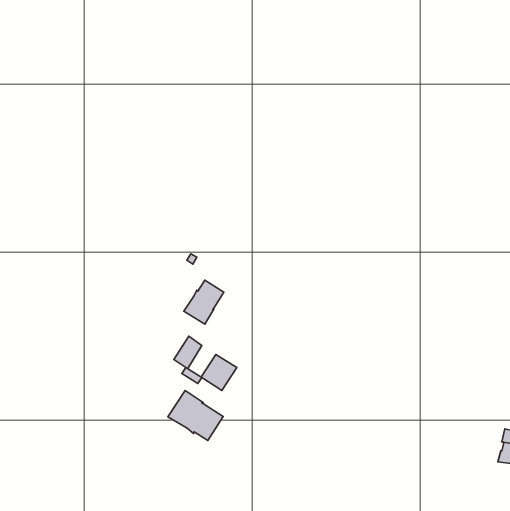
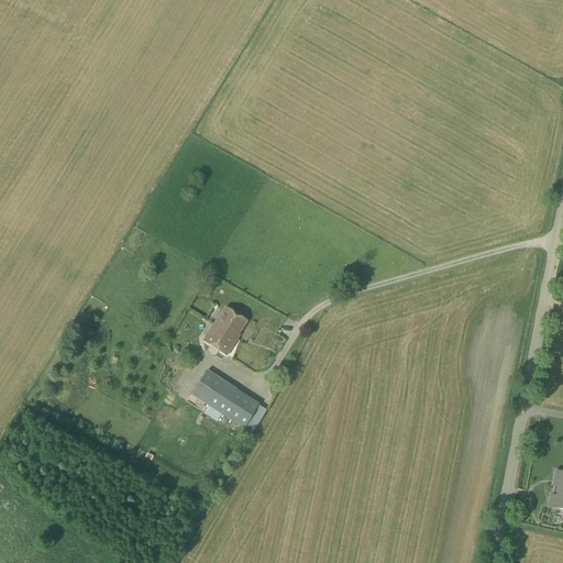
building: [168,390,223,440] -> none

